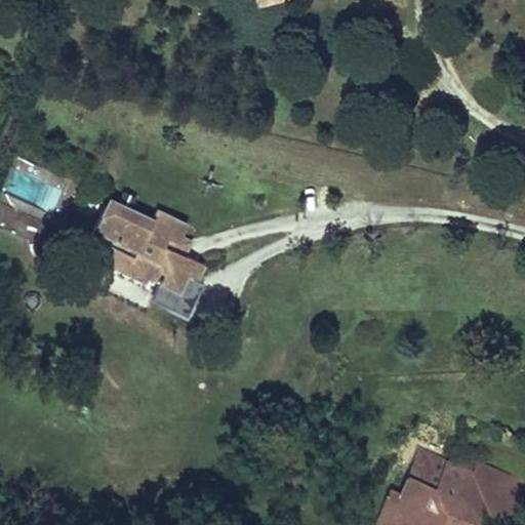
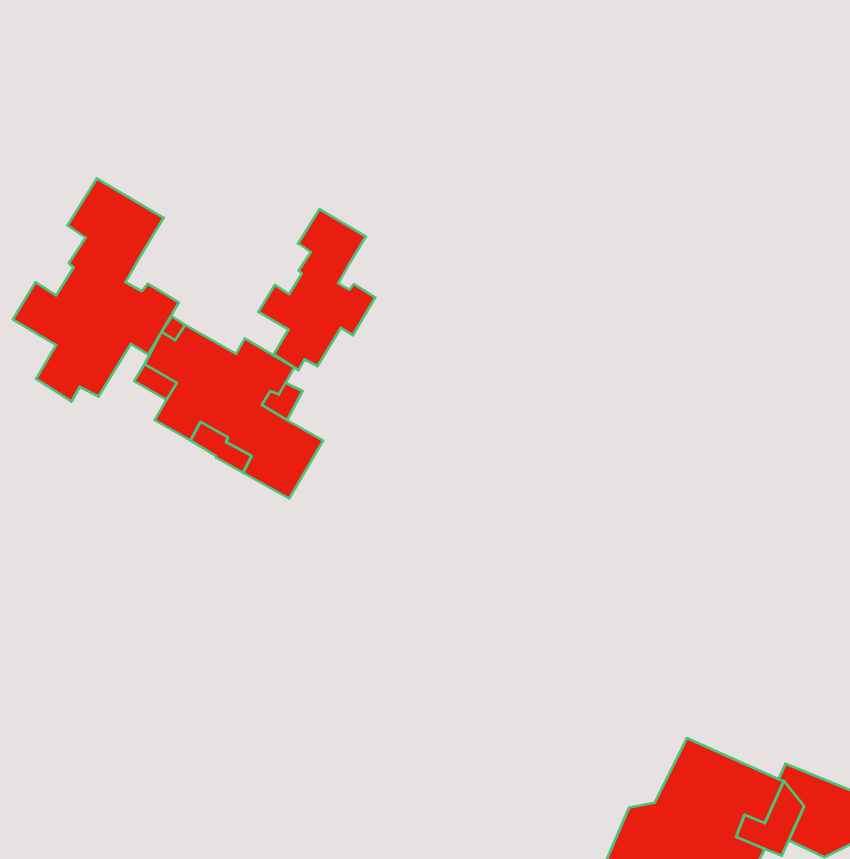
building: none -> [13,178,179,402]
building: none -> [258,209,375,370]

